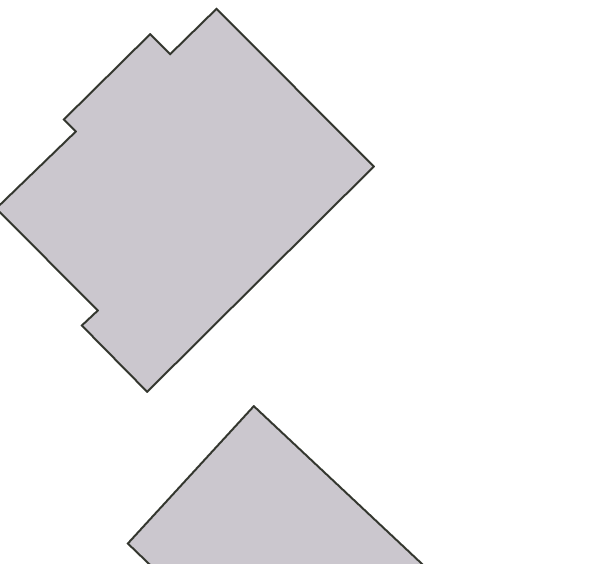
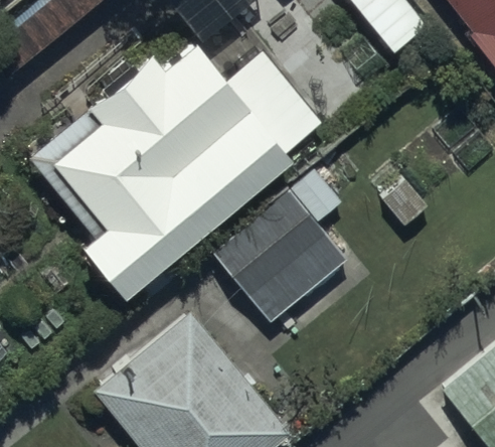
building: none -> [213,169,366,327]

